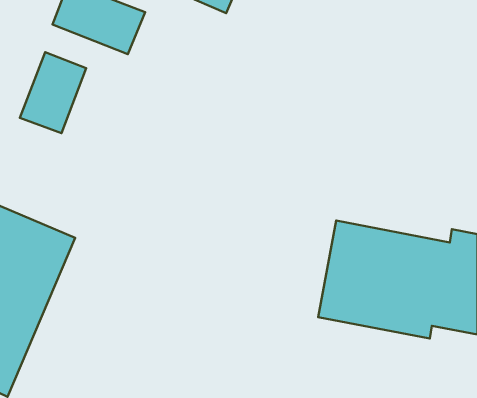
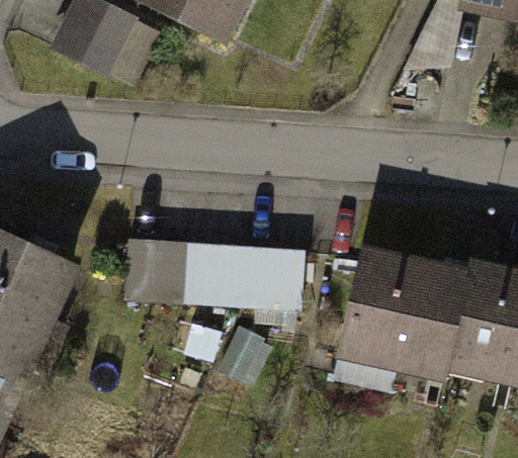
building: [20,52,86,133] -> none
building: none -> [116,240,298,306]

